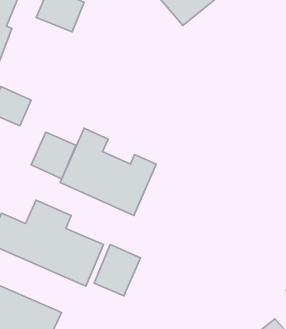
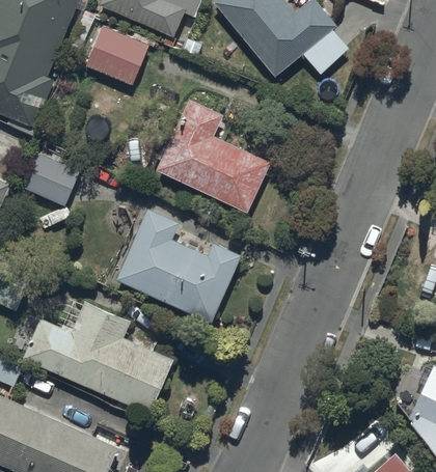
building: none -> [156,100,270,212]
building: [31,132,76,179] -> none
building: [94,244,140,296] -> none

